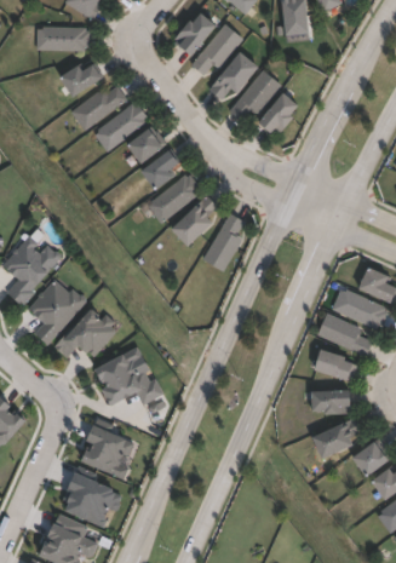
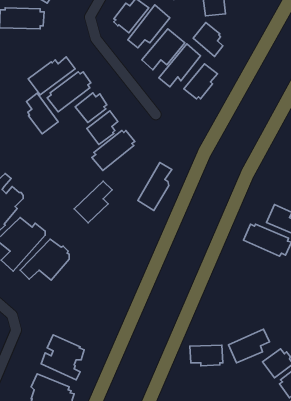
building: none -> [193,23,223,56]
building: [57,65,99,98] -> none
building: none -> [27,93,58,134]
building: [168,197,214,248] -> [74,181,112,223]
building: [314,312,369,357] -> none
building: [94,346,167,406] -> none
building: [312,347,354,380] -> none
building: [309,389,349,414] -> [190,345,223,366]

